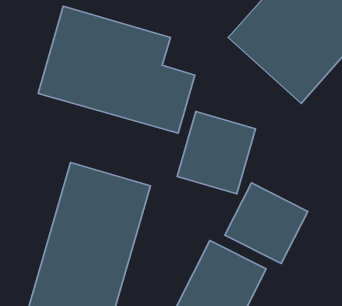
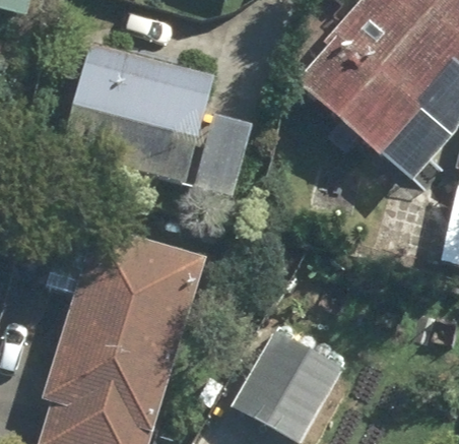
building: [177,111,256,194] -> none
building: [225,183,308,264] -> none

